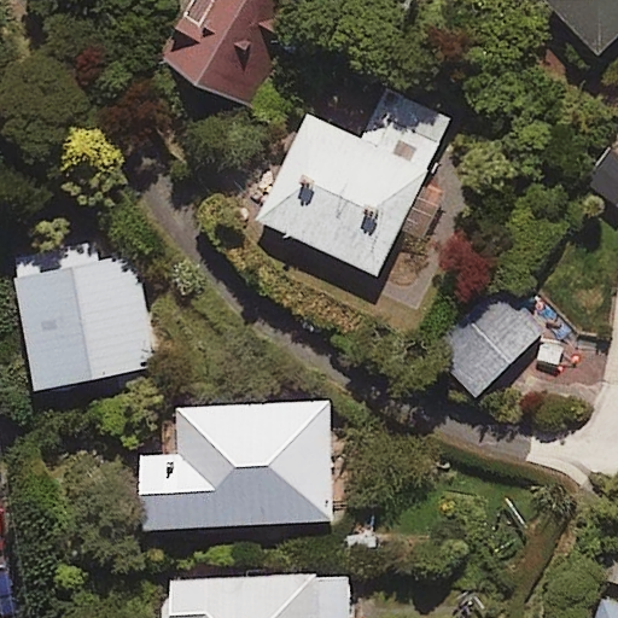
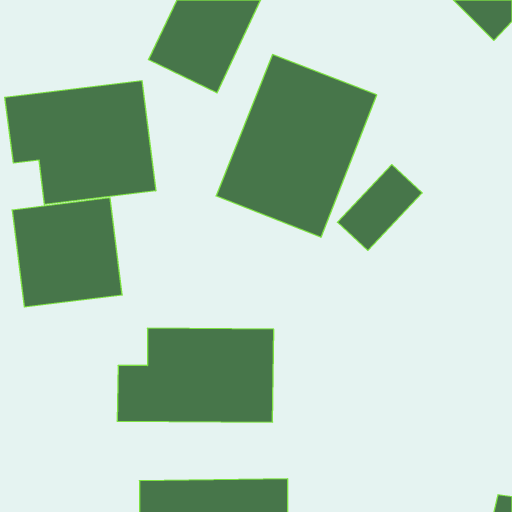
building: none -> [5,81,156,205]
building: [442,309,543,412] -> [337,165,422,250]

